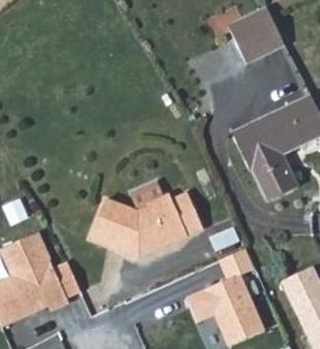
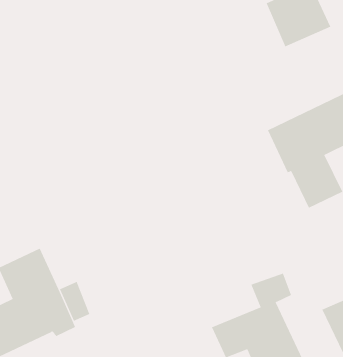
building: [93,194,205,255] -> none

